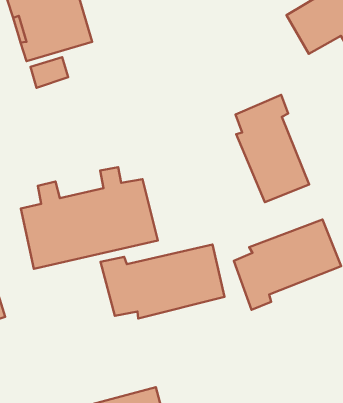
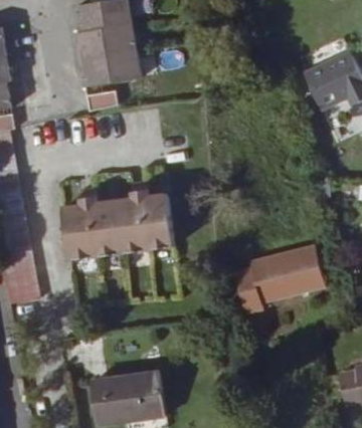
building: [236,95,309,202] -> none
building: [100,245,224,318] -> none

